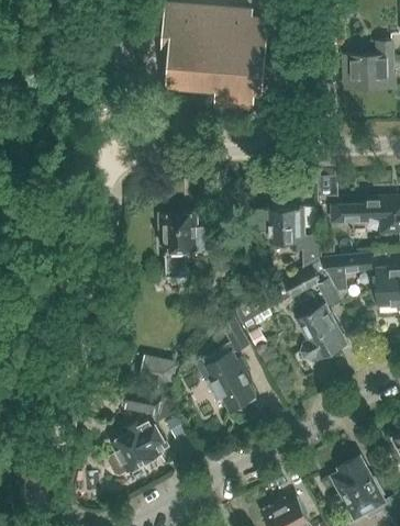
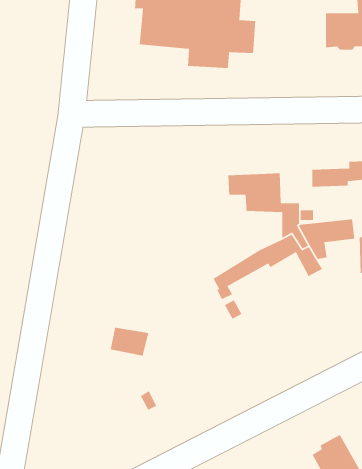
building: [159,214,216,278] -> none
building: [296,305,345,361] -> none
building: [201,317,255,411] -> none
building: [108,387,175,475] -> none

